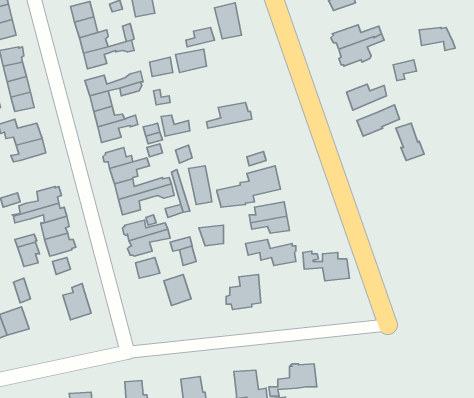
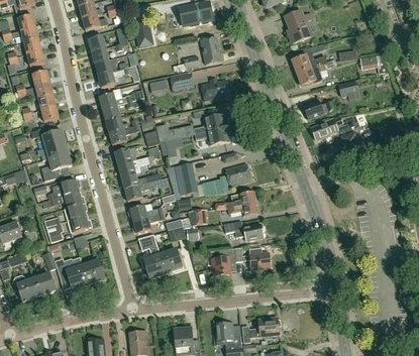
building: none -> [201,78,229,101]
building: none -> [195,127,230,146]
building: none -> [41,153,72,182]
building: [303,251,350,281] -> [234,247,271,270]
building: none -> [143,253,167,277]
building: none -> [57,257,88,288]

